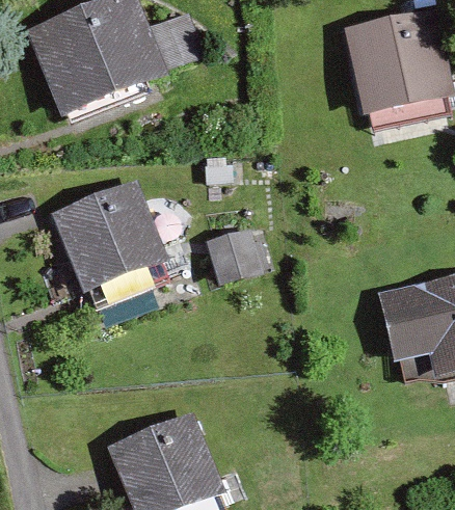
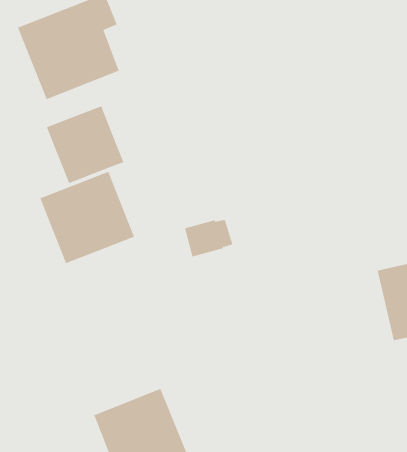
building: [346,16,441,109] -> none
building: none -> [46,106,124,184]

